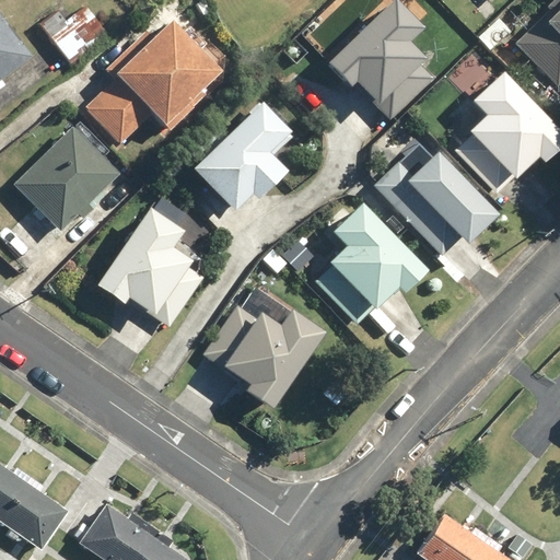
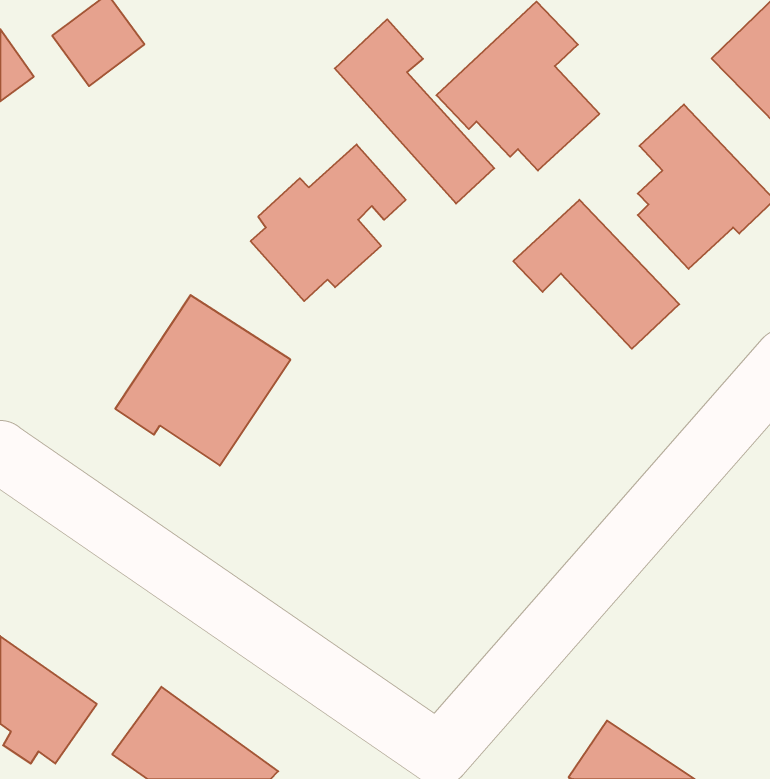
building: none -> [335,19,494,204]
building: [90,25,219,145] -> none
building: [18,126,122,232] -> none
building: [322,205,424,314] -> none
building: [209,305,322,412] -> none

